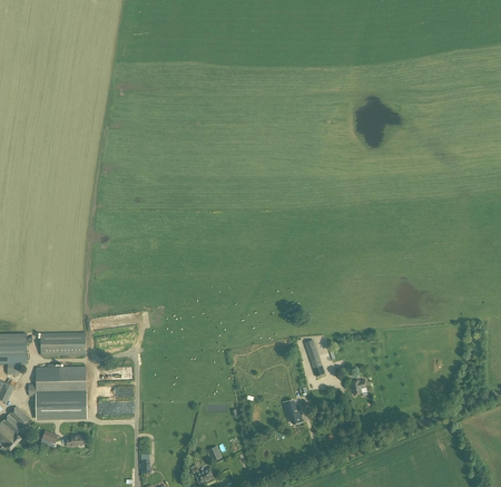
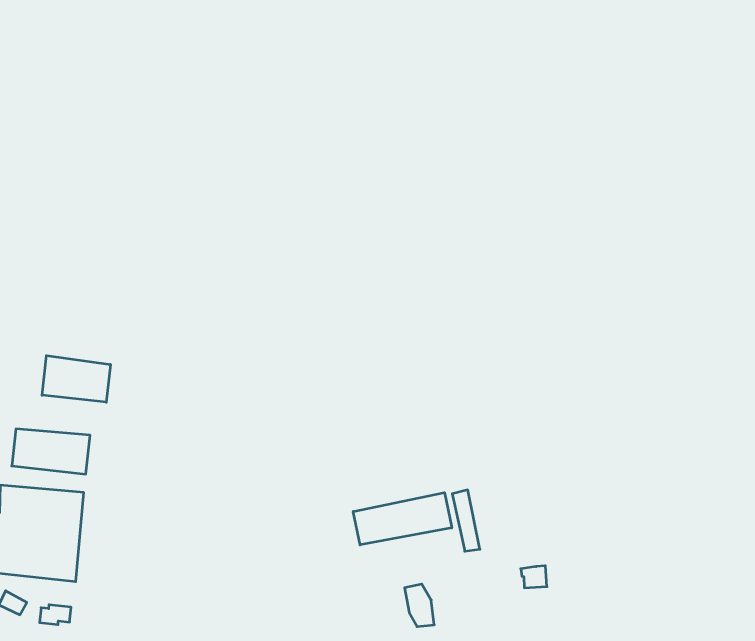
building: none -> [42,356,110,402]
building: none -> [353,493,452,545]

